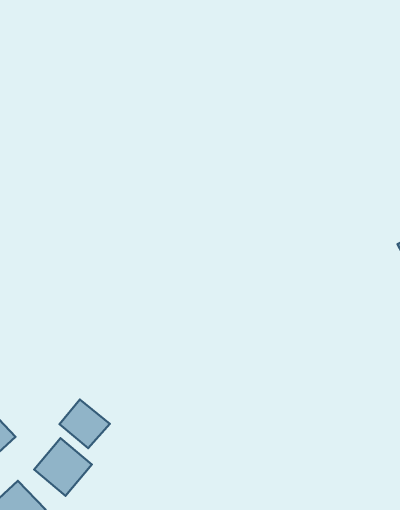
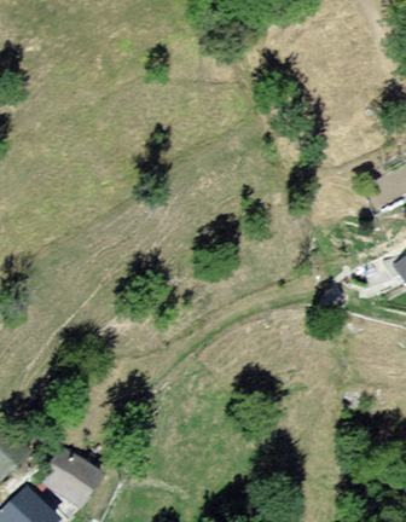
building: [59,400,110,448] -> none

